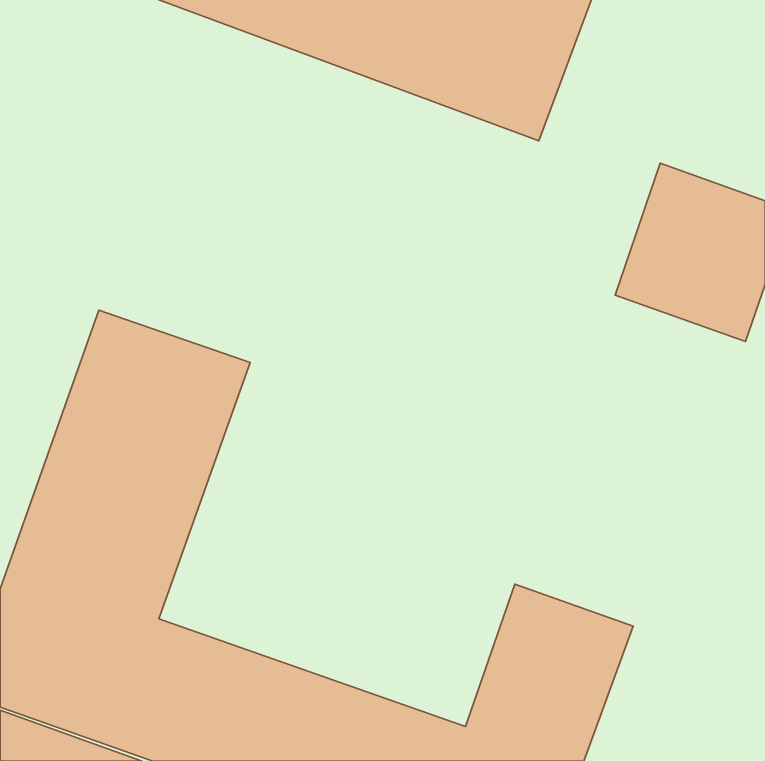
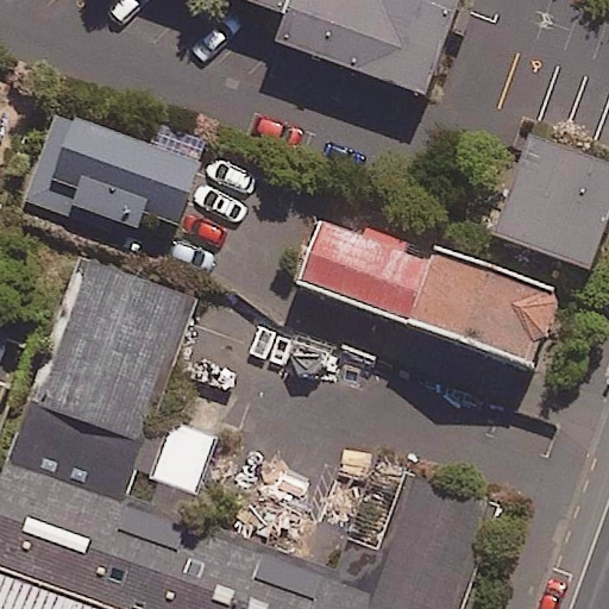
building: none -> [27,106,200,224]
building: none -> [283,213,567,381]

